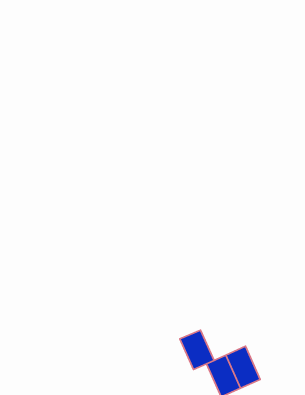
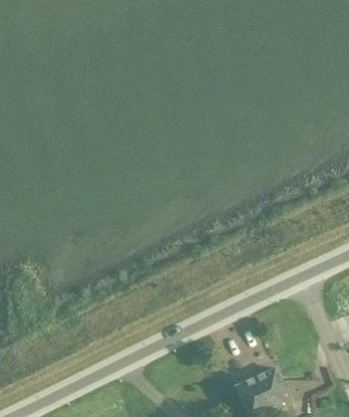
building: [180,330,214,369] -> none

